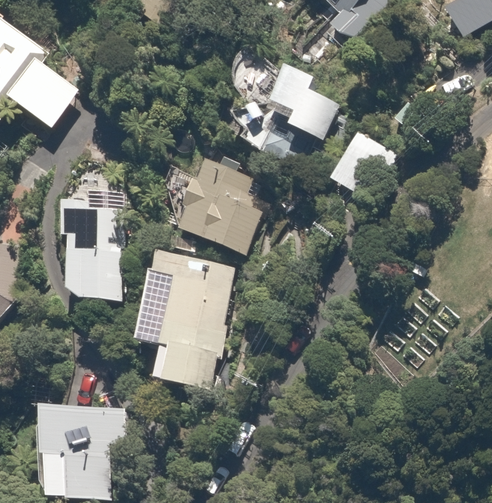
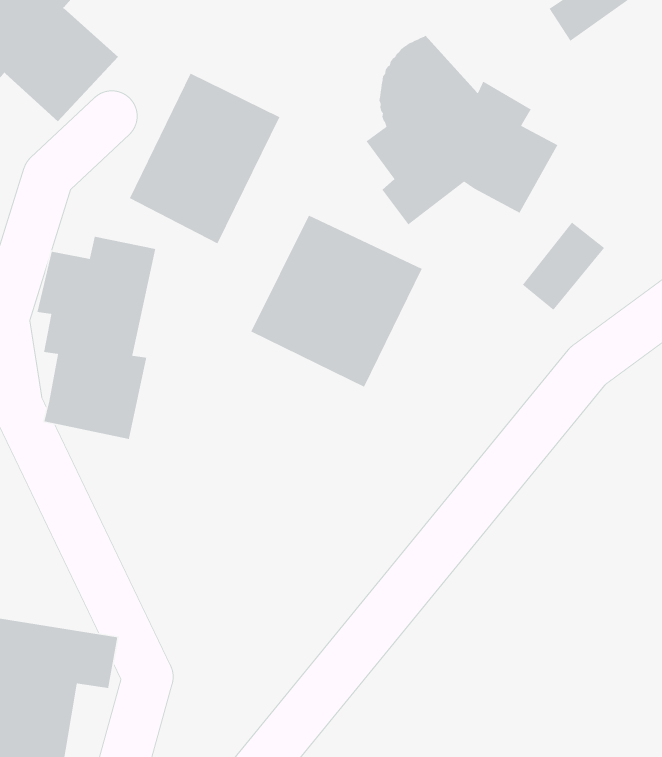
building: none -> [129,72,281,244]
building: [137,248,229,390] -> none

